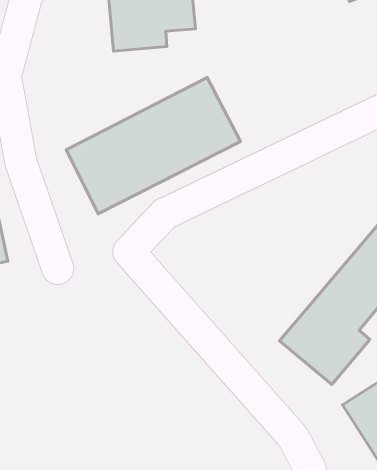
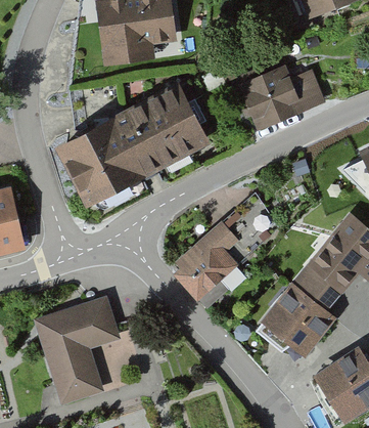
building: none -> [246,62,320,128]
building: none -> [177,209,267,302]
building: none -> [30,299,111,400]

